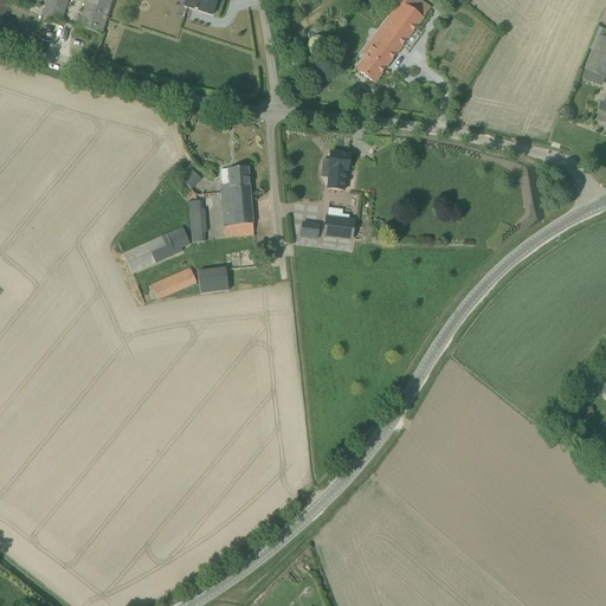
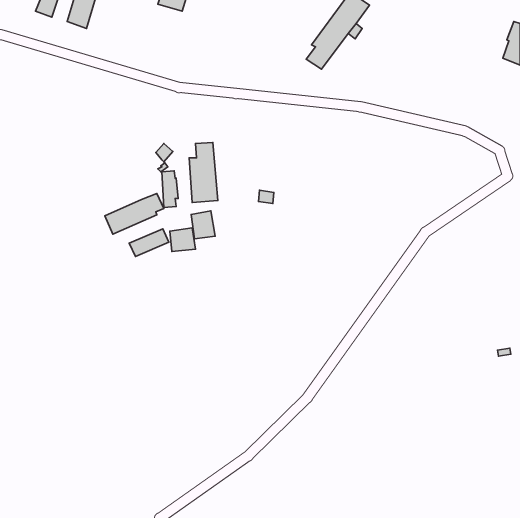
building: [327,150,349,189] -> none
building: [323,215,354,238] -> none
building: none -> [191,211,215,239]

